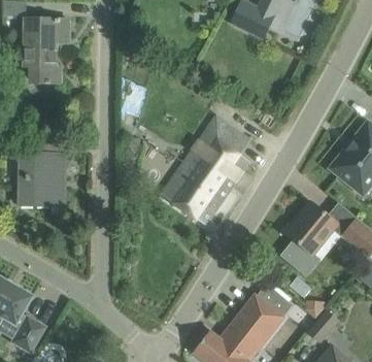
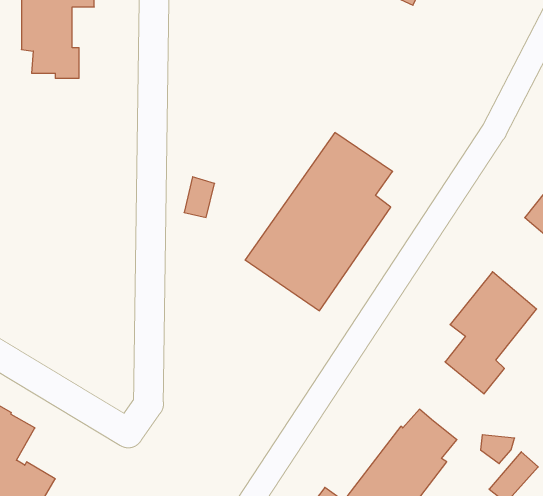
building: [19,139,65,205] -> none

